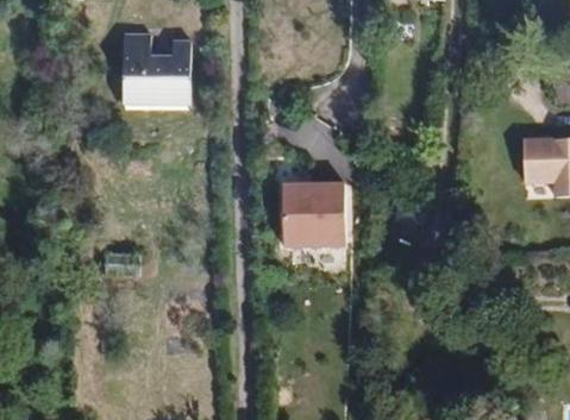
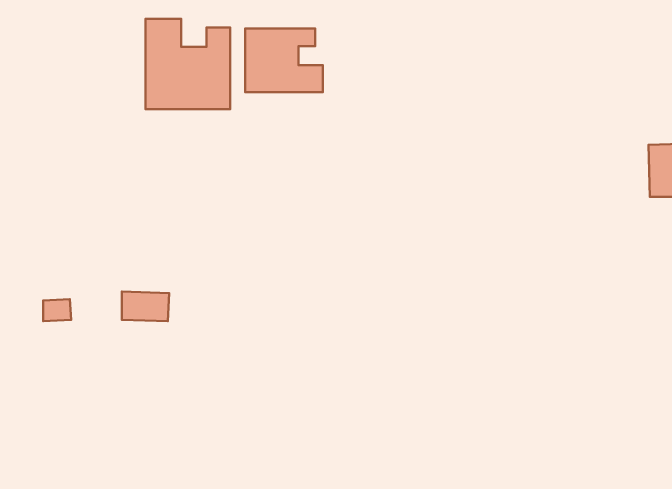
building: none -> [245,28,323,92]
building: [283,184,346,250] -> none

